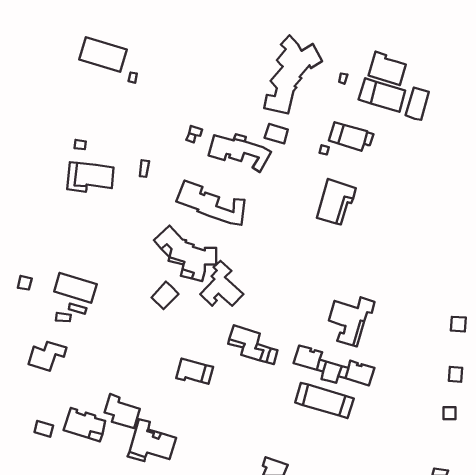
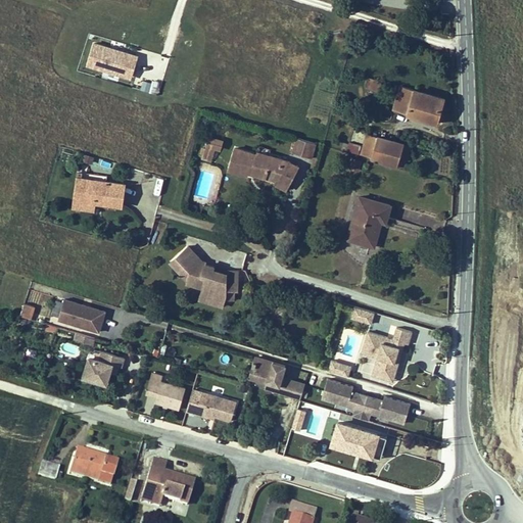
building: [264,35,322,114] -> none
building: [369,51,406,85] -> none
building: [406,88,429,120] -> none
building: [176,180,244,225] -> none
building: [200,261,243,306] -> none
building: [151,282,179,309] -> none
building: [28,342,67,371] -> [83,352,125,384]
building: [104,394,140,428] -> [143,377,182,415]

